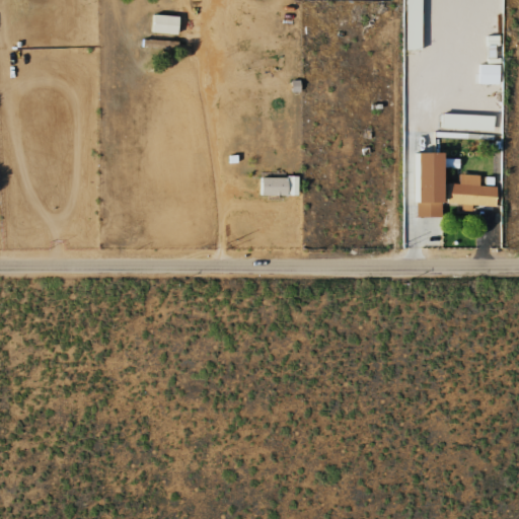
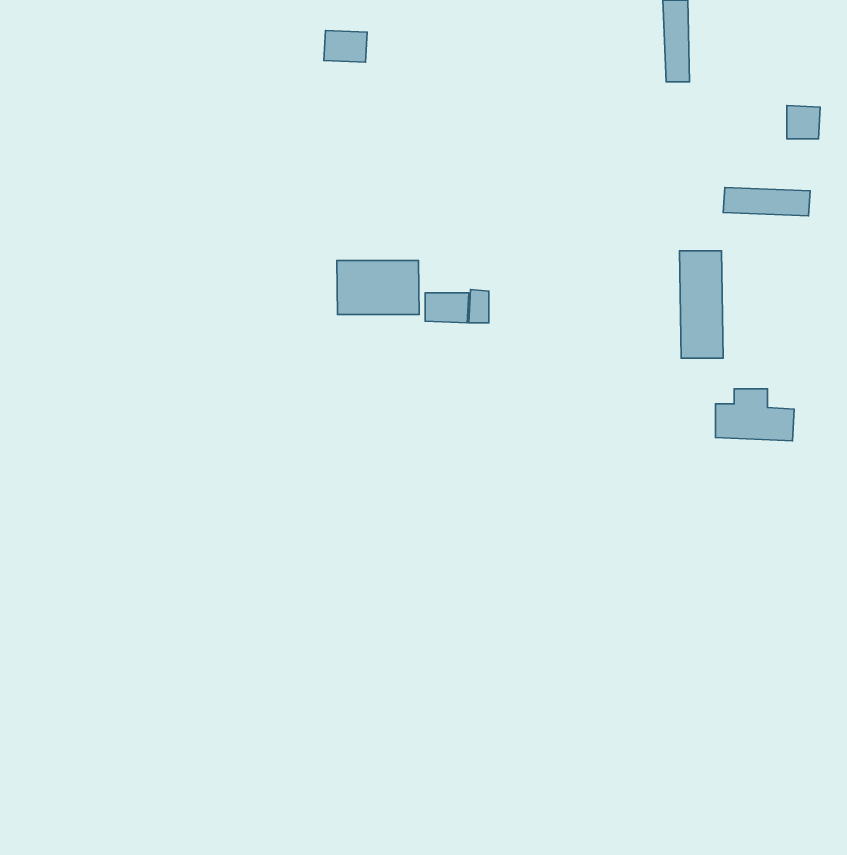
building: [154,14,180,33] -> [324,30,367,62]
building: none -> [337,260,419,314]
building: [450,174,498,206] -> [716,389,794,441]

